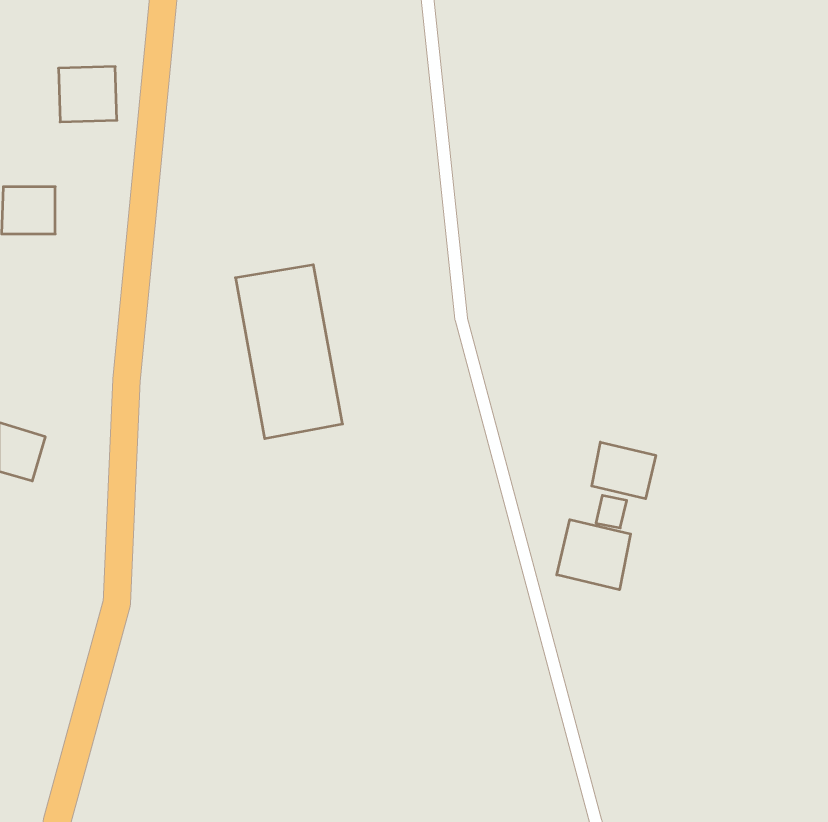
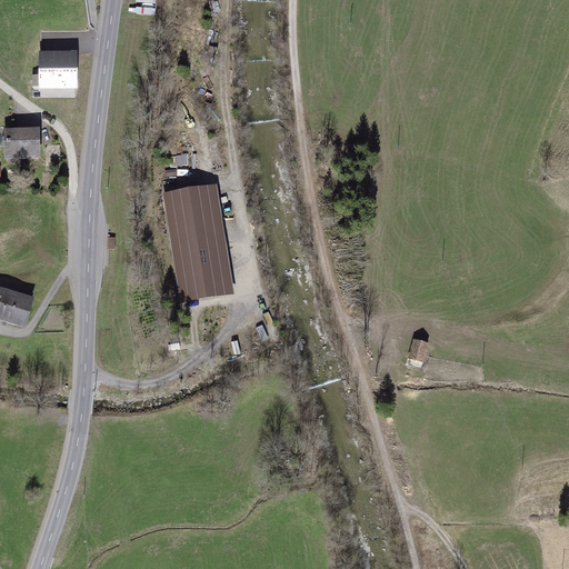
building: [592,442,656,499] -> none
building: [557,520,631,590] -> none

